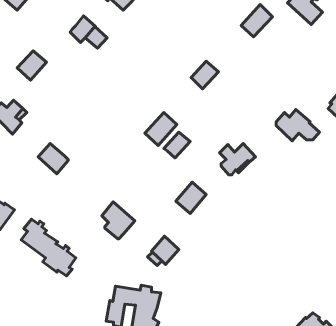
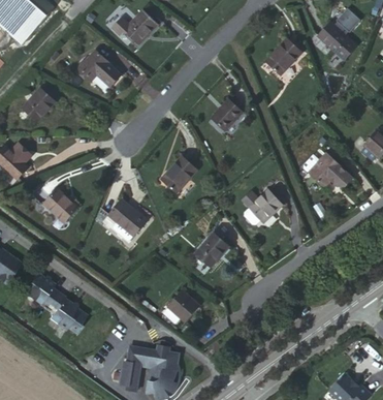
building: [164,132,190,158] -> none
building: [102,202,135,239] -> [110,198,147,239]

